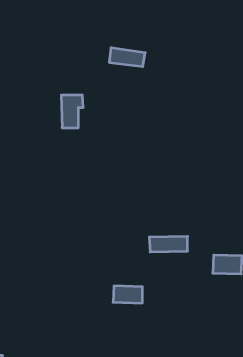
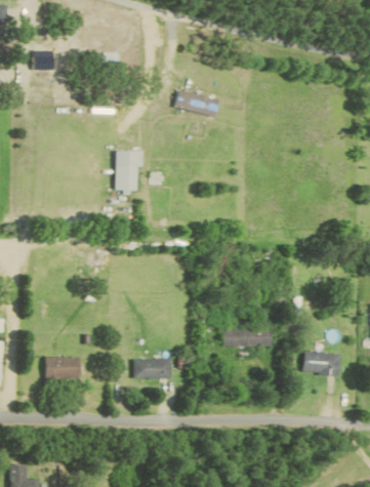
building: none -> [45,357,81,379]
building: [113,286,142,303] -> [134,358,171,379]

